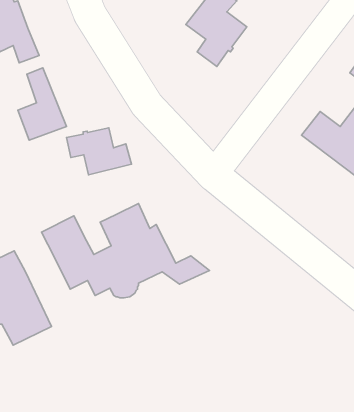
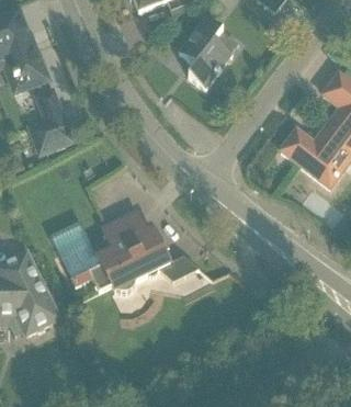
building: [66,128,132,175] -> none

